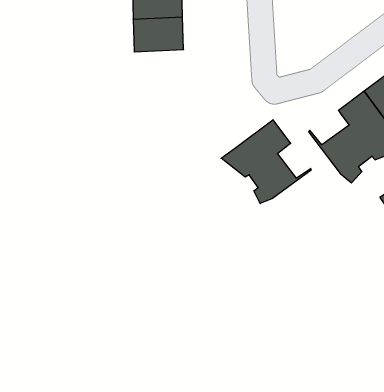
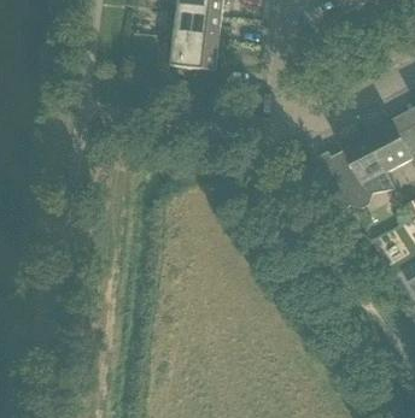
building: [221,120,311,204] -> none

